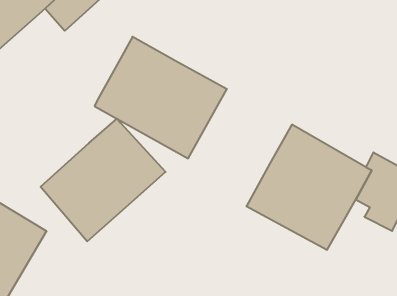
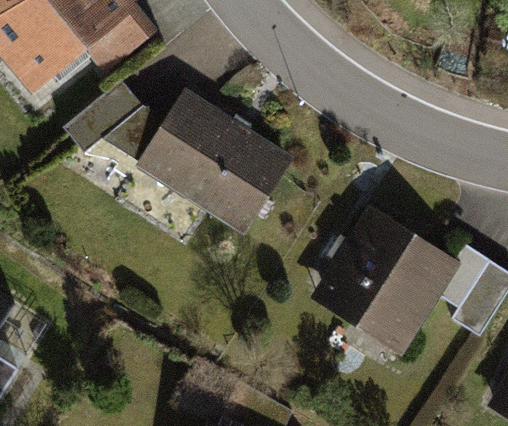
building: none -> [62,79,164,160]
building: [41,119,166,241] -> none

